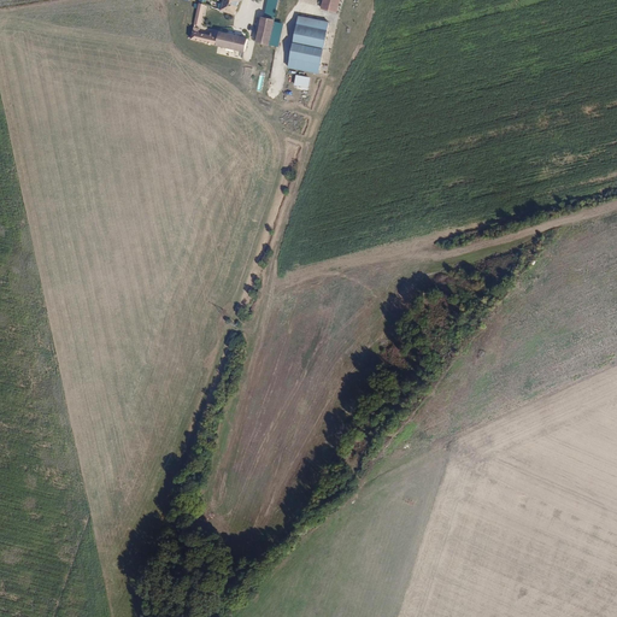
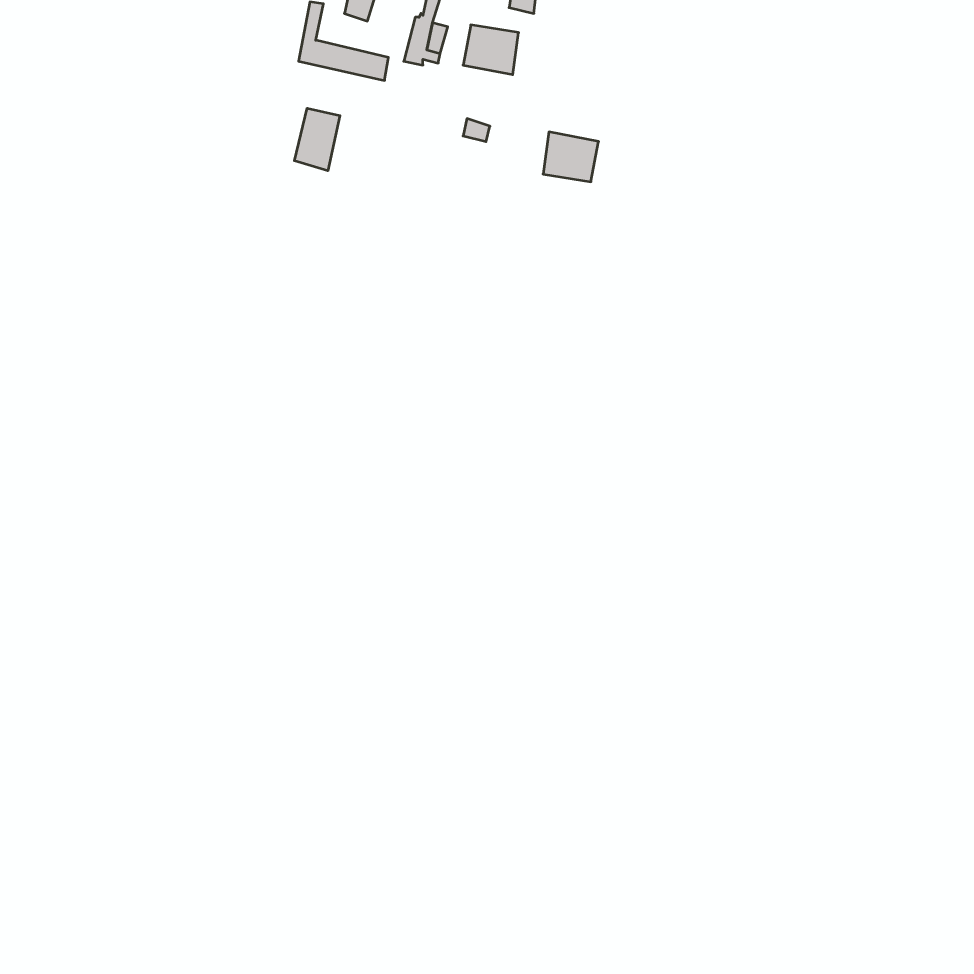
building: [288,41,323,72] -> [543,132,599,182]
building: none -> [294,108,340,171]

